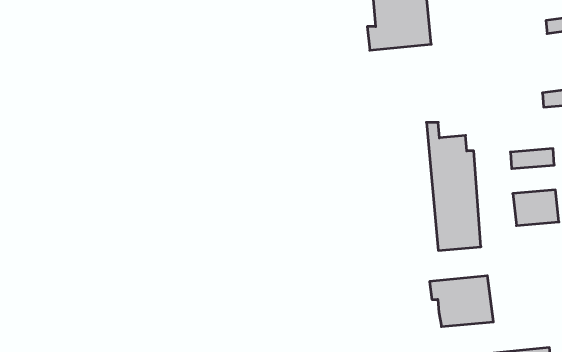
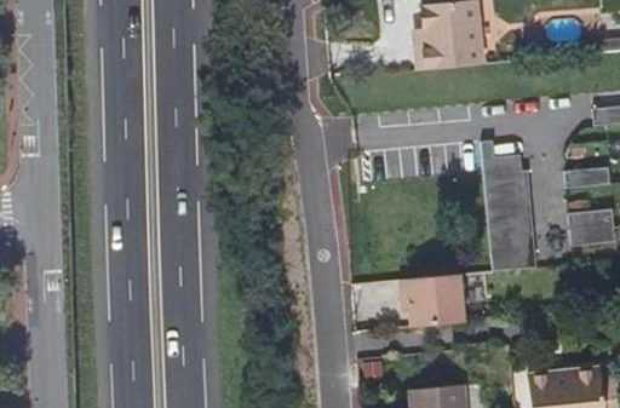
building: [430,276,493,327] -> [404,274,470,326]

